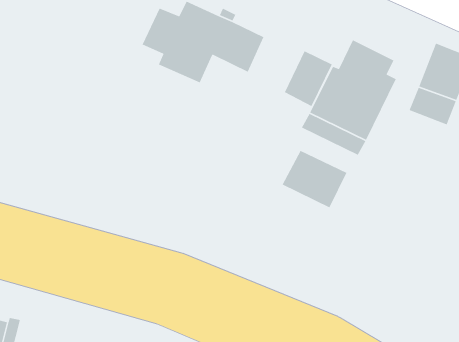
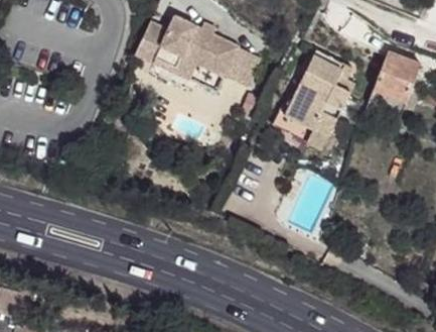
building: [284,50,333,107] -> none
building: [282,150,348,208] -> none

